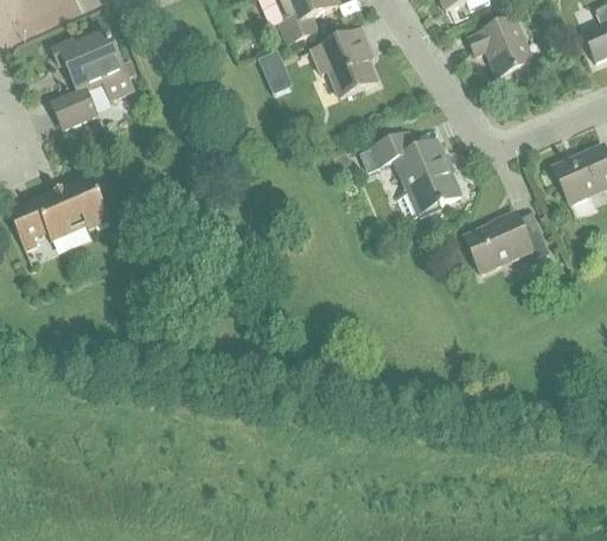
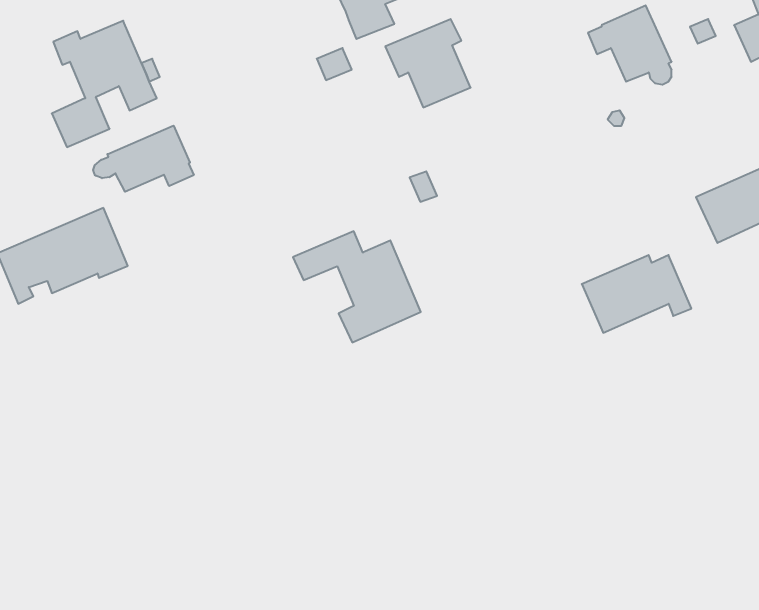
building: none -> [93,126,194,192]
building: [360,132,460,218] -> [293,231,421,342]

